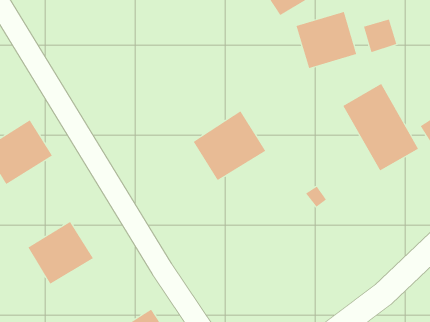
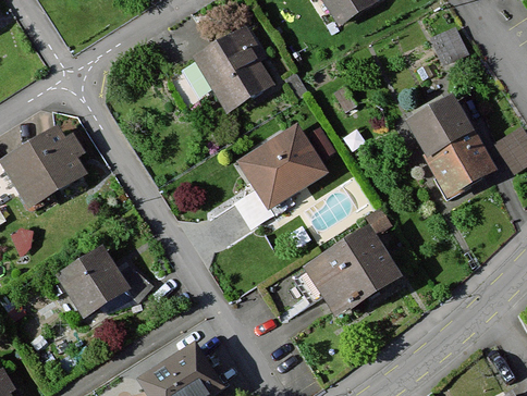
building: [296,11,357,69] -> none
building: none -> [197,30,272,110]
building: none -> [309,227,399,312]

